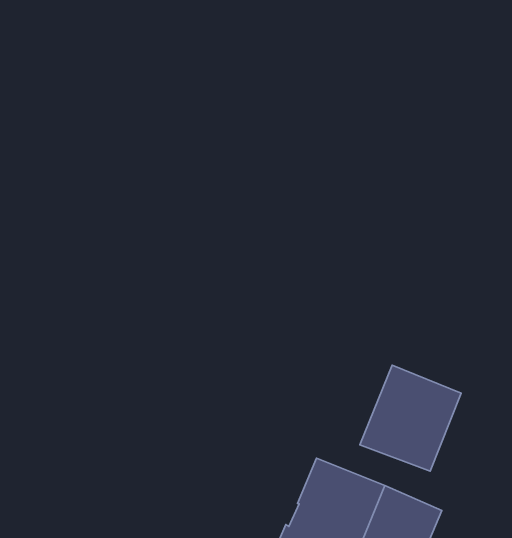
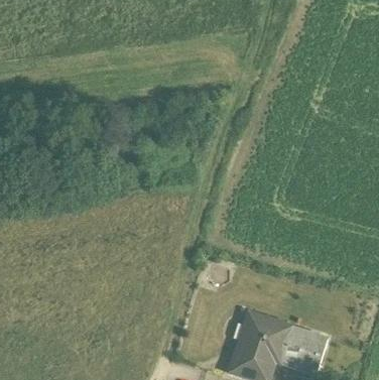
building: [360,365,461,471] -> none

